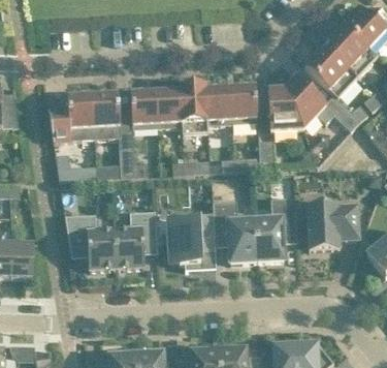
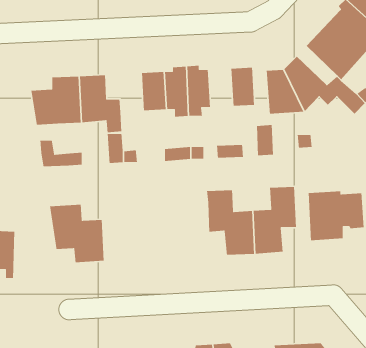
building: [214,87,236,124] -> none
building: [130,91,153,128] -> none
building: [115,211,157,268] -> none
building: [168,213,215,269] -> none

